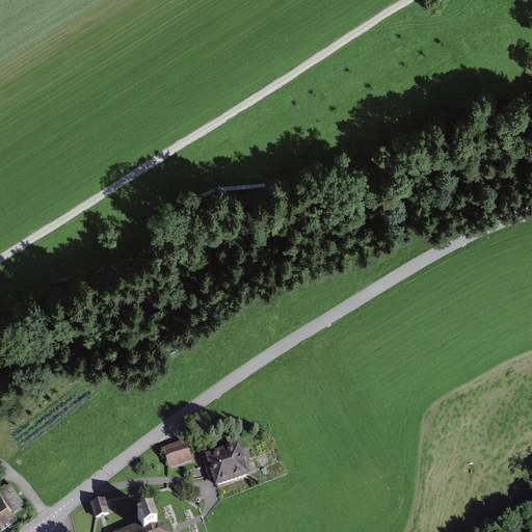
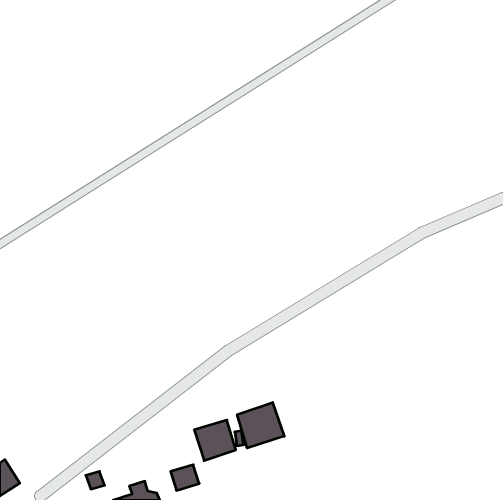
building: none -> [237,402,284,448]
building: [162,438,192,466] -> [171,465,199,490]

